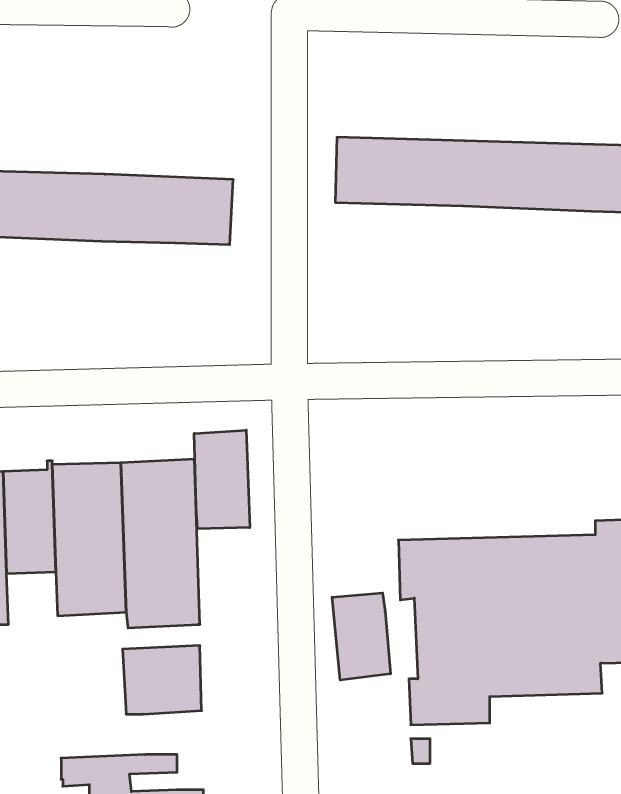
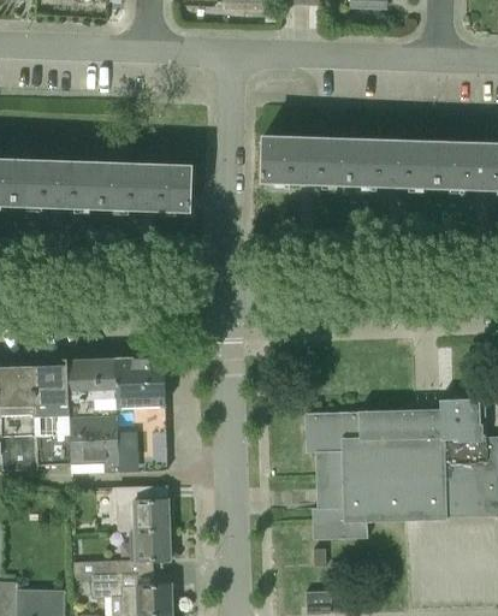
building: [194,430,250,529] -> none
building: [332,593,390,680] -> none
building: none -> [130,529,171,559]

